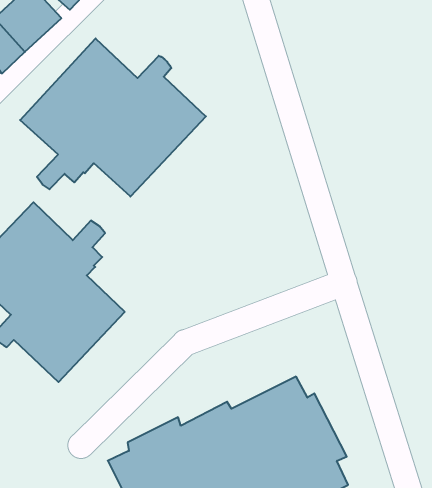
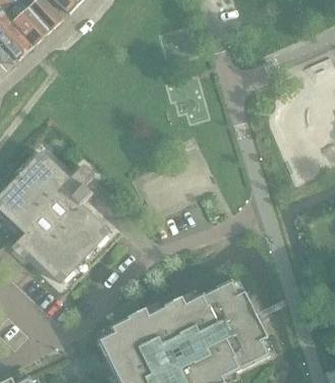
building: [20,38,206,197] -> none

